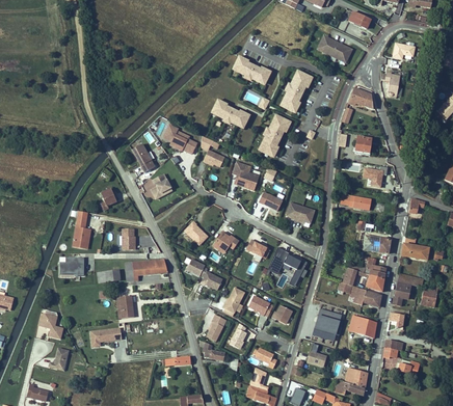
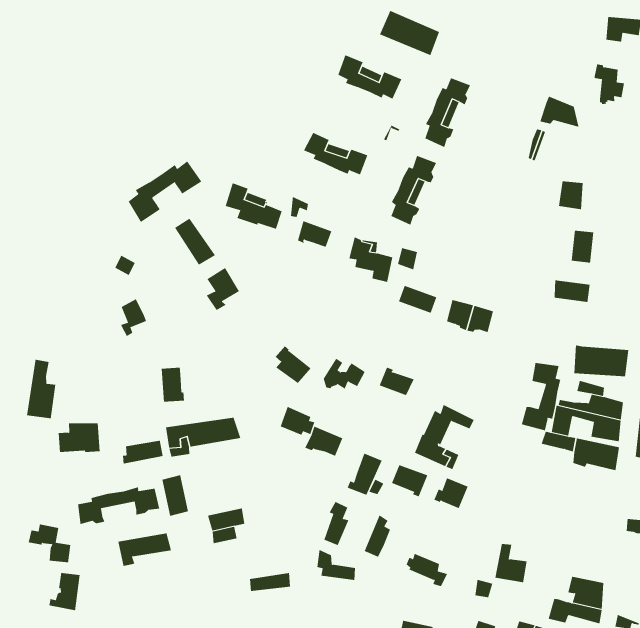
building: [316,35,351,63] -> [379,10,440,56]
building: none -> [128,161,202,223]
building: [72,215,90,250] -> [26,359,56,419]
building: none -> [521,362,561,431]
building: none -> [77,487,160,525]
building: [311,309,341,342] -> none
building: [350,315,378,337] -> none

